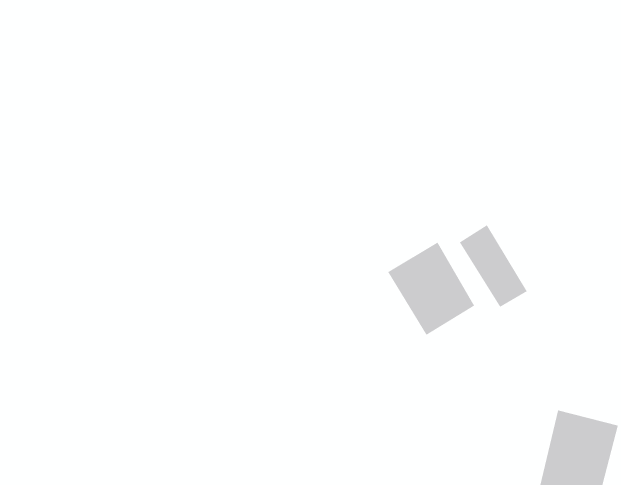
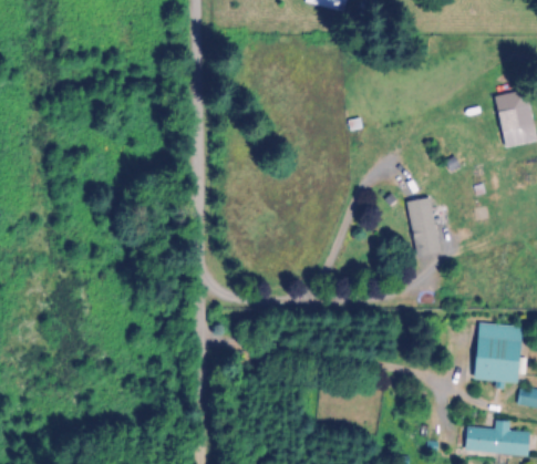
building: [387,241,475,336] -> none

